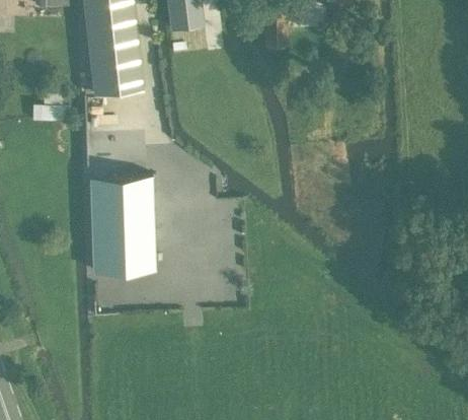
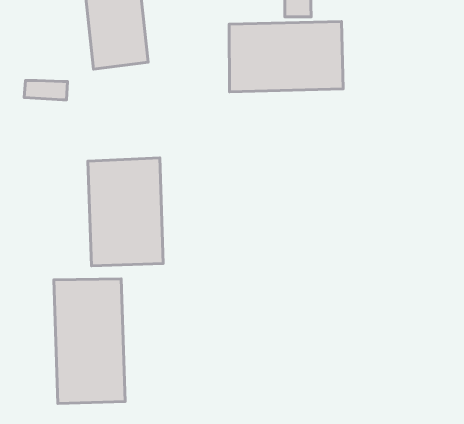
building: none -> [229,21,343,92]
building: none -> [54,279,125,404]

